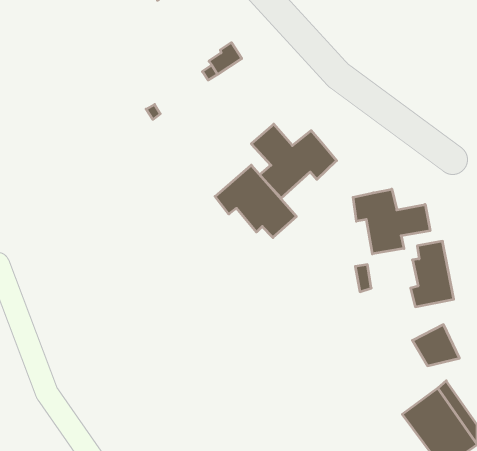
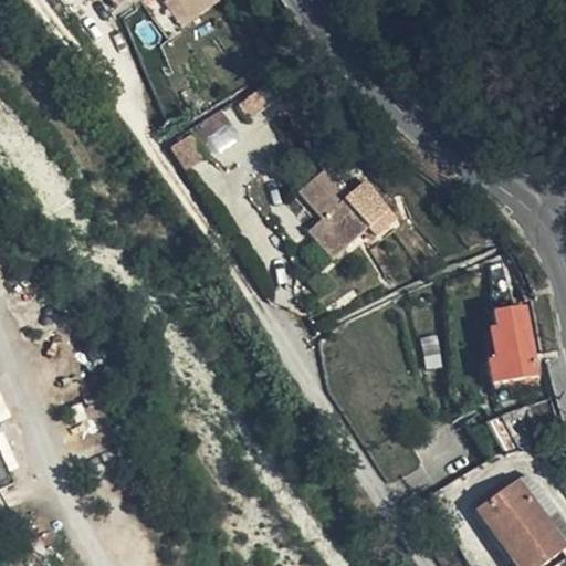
building: [215,165,296,238] -> none
building: [353,189,430,254] -> none

